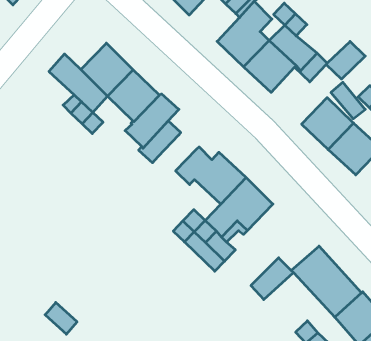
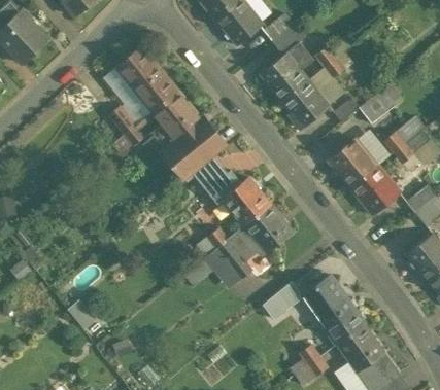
building: none -> [116,46,157,84]
building: none -> [192,156,228,189]

